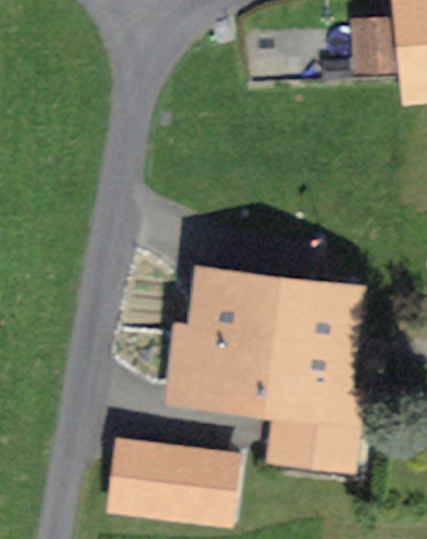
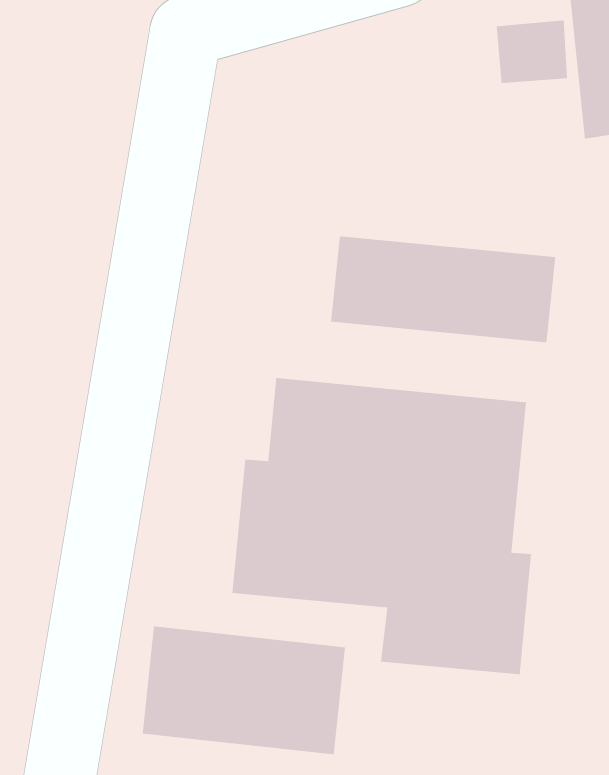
building: none -> [331,235,556,343]

